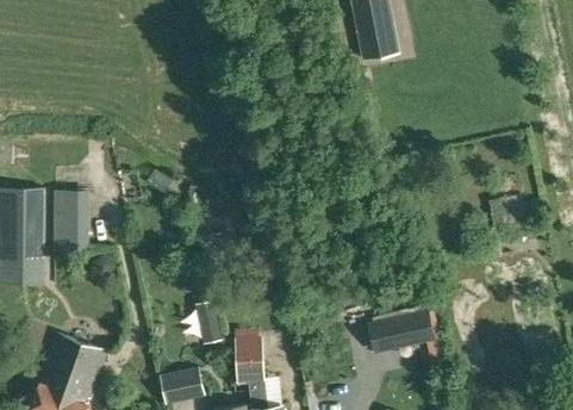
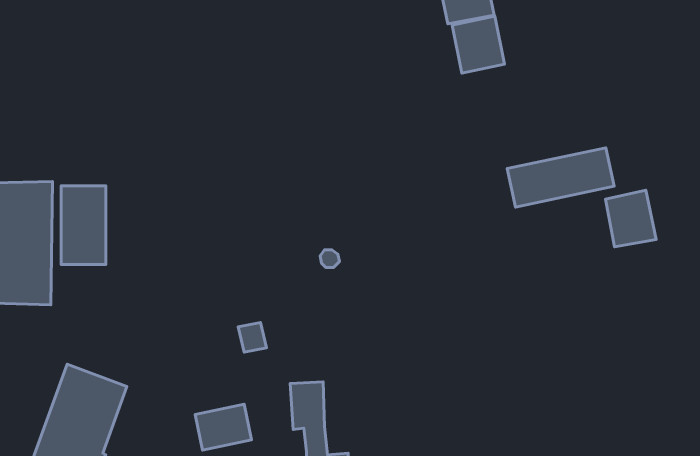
building: none -> [452,16,504,73]
building: none -> [507,148,614,207]
building: [368,310,434,352] -> none

